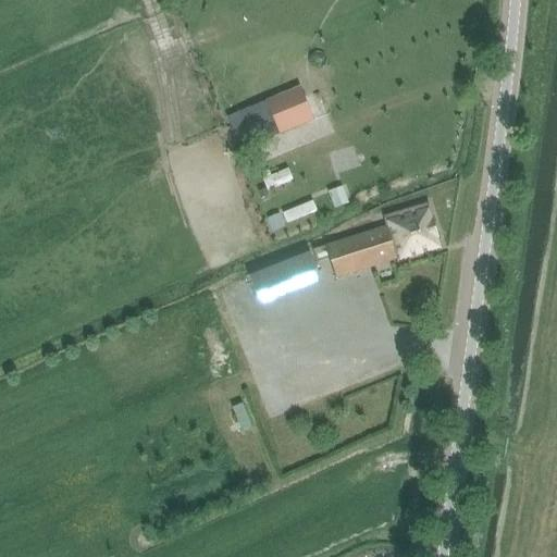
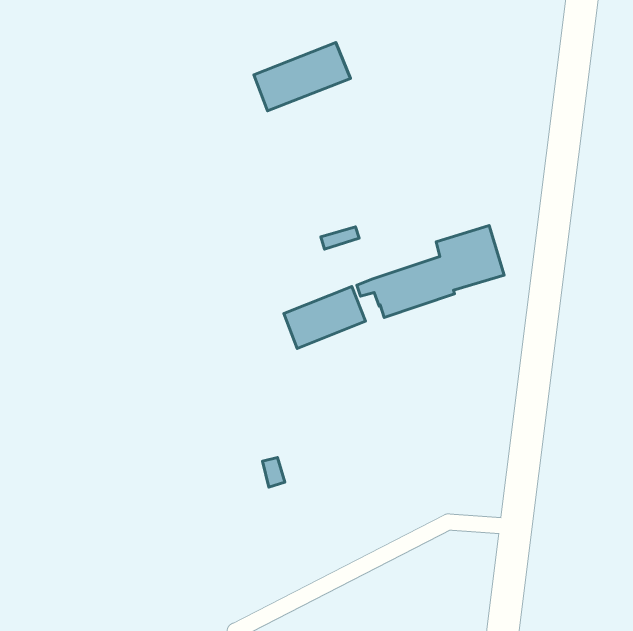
building: [230,87,314,147] -> [254,43,351,111]

